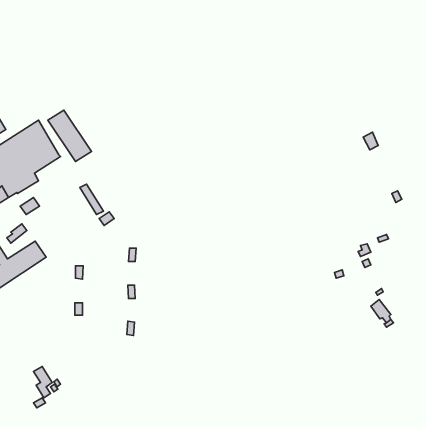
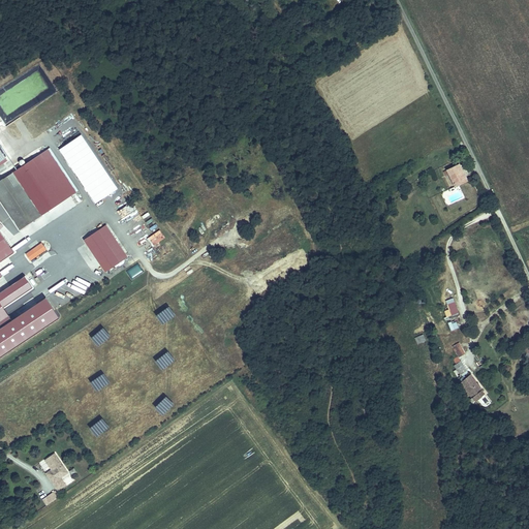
building: none -> [84,230,119,273]

